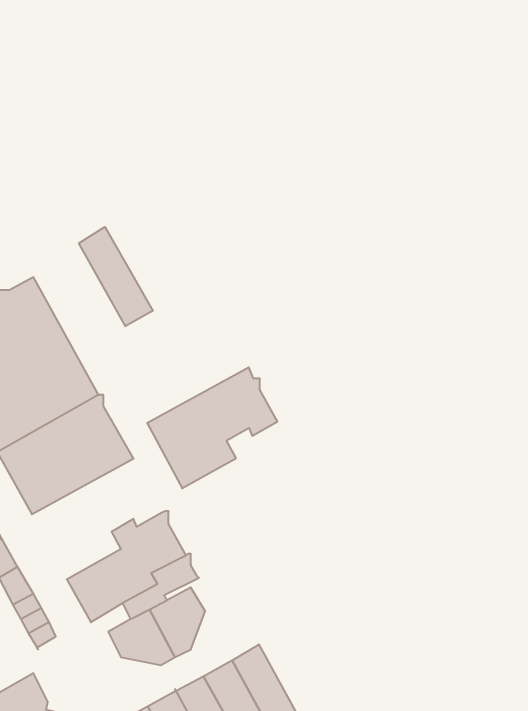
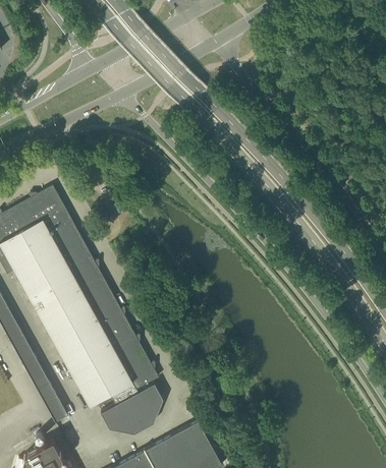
building: [79,227,153,326] -> none
building: [147,367,277,488] -> [52,302,135,379]

